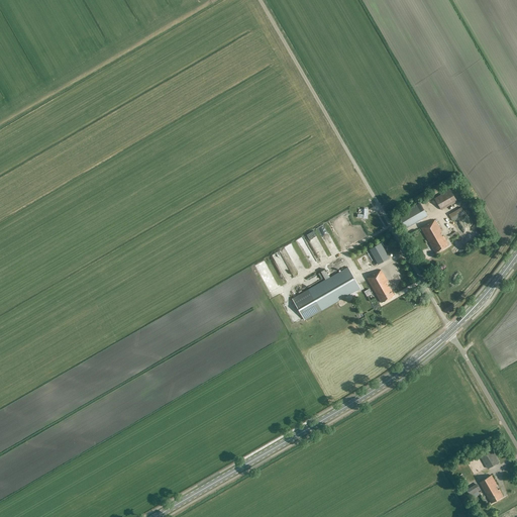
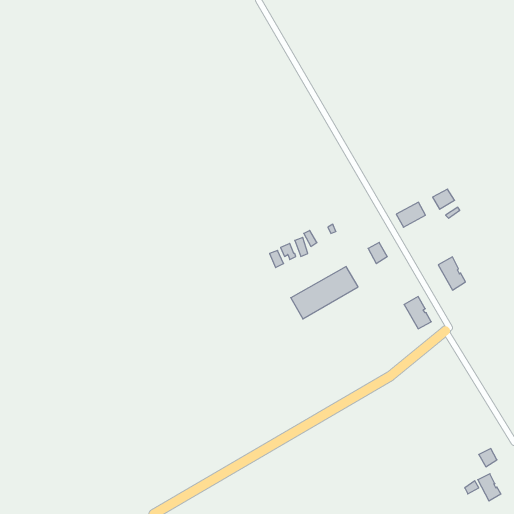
building: [421,219,448,252] -> [438,257,465,290]
building: [367,270,394,302] -> [404,297,431,329]

